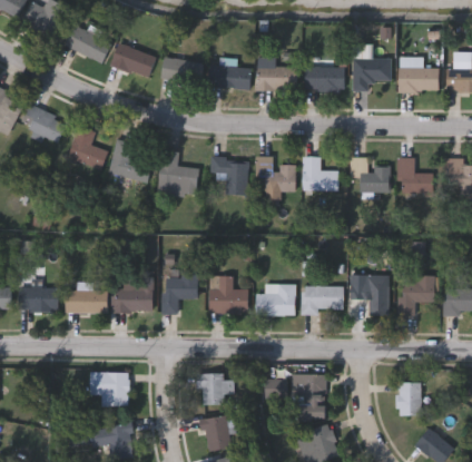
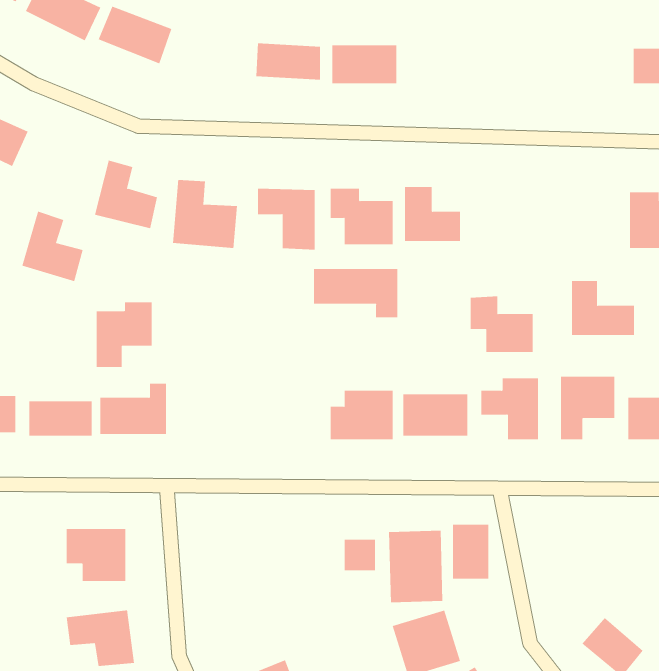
building: [400,58,439,92] -> none
building: [160,59,203,86] -> none
building: [354,60,391,90] -> none
building: [305,68,345,90] -> none
building: [68,127,107,171] -> [22,211,84,282]
building: [350,158,390,194] -> [470,296,534,353]
building: [396,159,436,194] -> [571,280,635,335]
building: none -> [313,268,398,318]
building: [163,273,198,314] -> [96,302,152,368]
building: [208,277,248,314] -> none
building: [197,372,233,404] -> none
building: [396,381,420,415] -> [452,524,489,579]
building: [200,414,230,451] -> none

